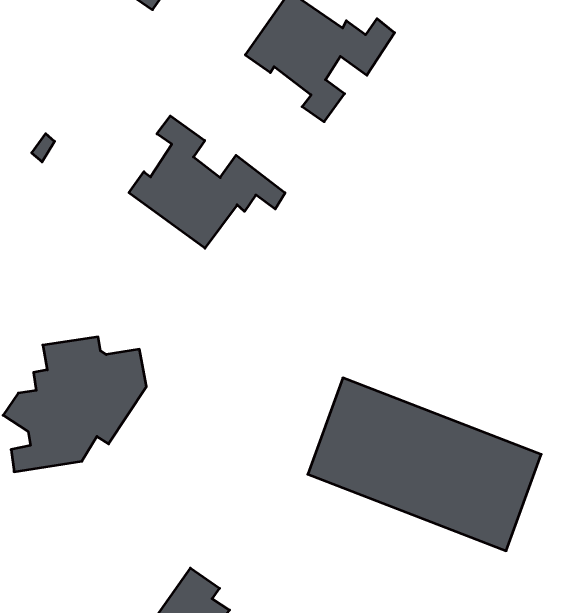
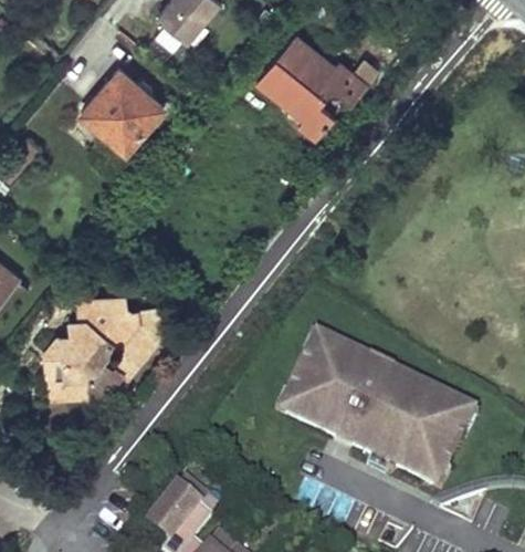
building: none -> [84,66,164,147]
building: [129,116,285,248] -> none

